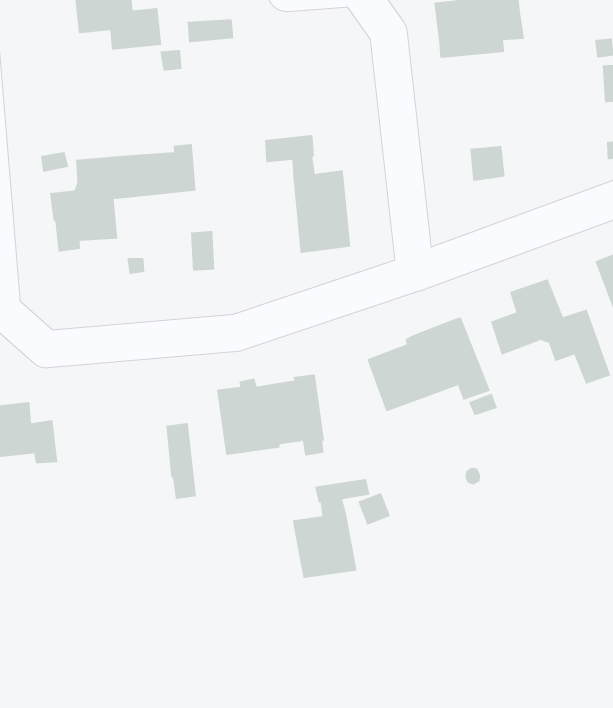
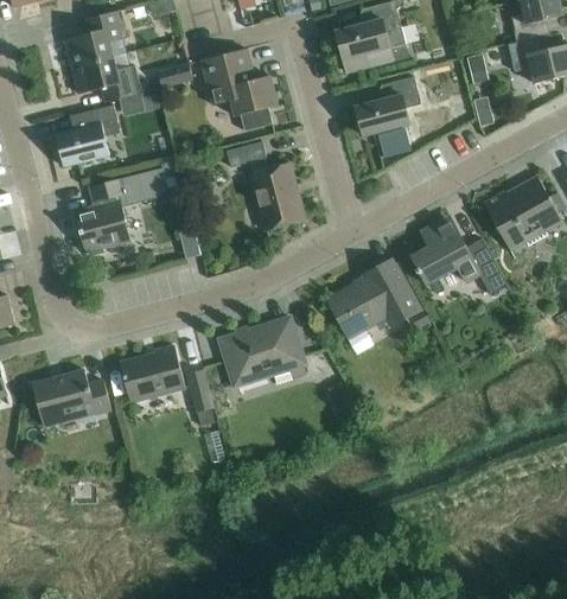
building: none -> [202,49,278,129]
building: none -> [55,104,120,166]
building: none -> [356,76,421,135]
building: none -> [120,345,185,401]
building: [292,478,370,579] -> none

